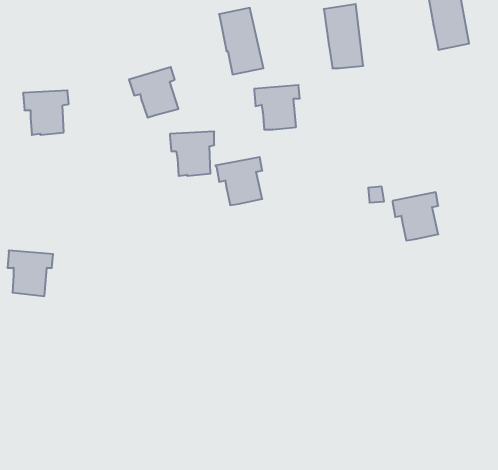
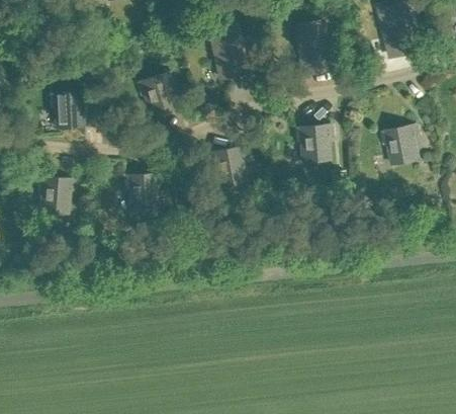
building: [254,85,300,129] -> [295,125,333,161]
building: [170,132,214,176] -> [124,173,161,210]
building: [393,192,438,240] -> [382,125,420,164]
building: [7,250,53,296] -> [37,176,75,214]

